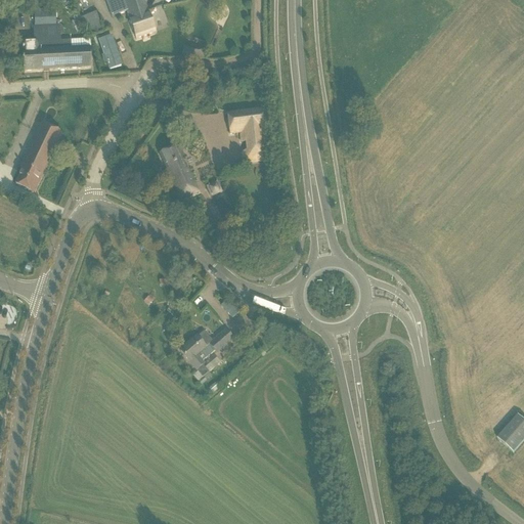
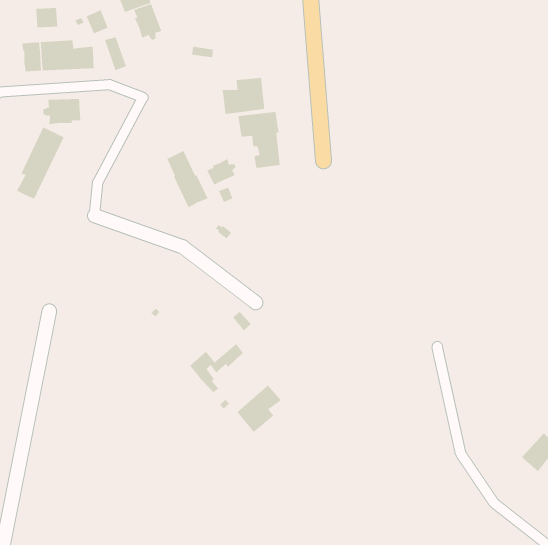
building: none -> [222,77,265,115]
building: none -> [43,98,81,125]
building: none -> [207,158,236,185]
building: none -> [237,384,282,433]

